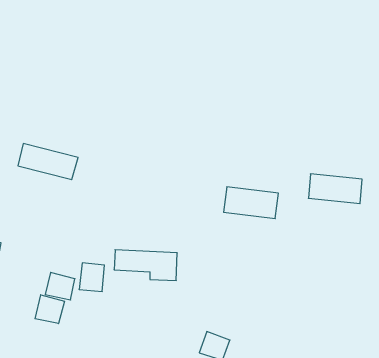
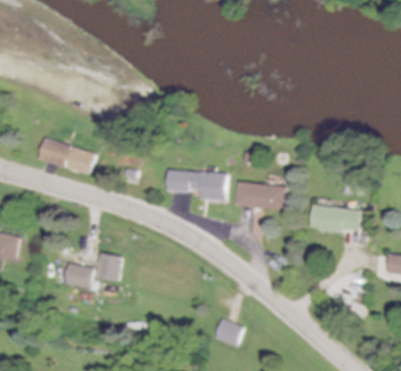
building: [308,174,362,204] -> [310,205,362,233]
building: [114,250,177,280] -> [165,170,226,200]
building: [35,295,64,324] -> none

